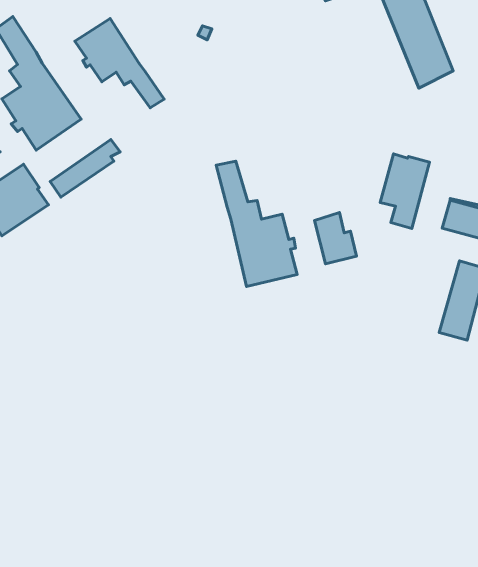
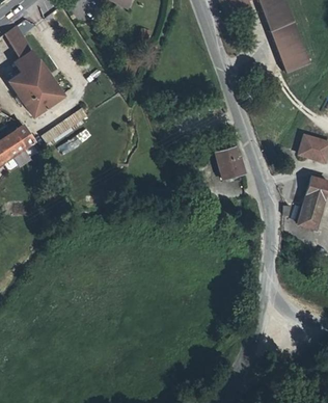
building: [75,18,164,108] -> none
building: [380,154,430,228] -> none
building: [216,161,297,286] -> none

